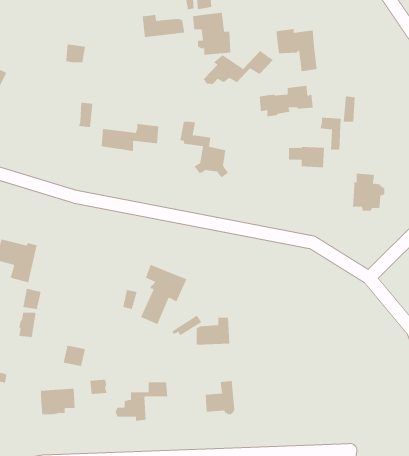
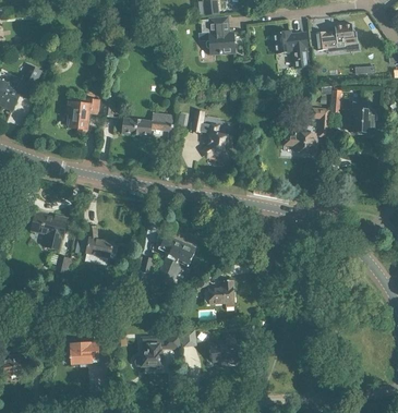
building: [142,14,185,38] -> none
building: [203,50,274,85] -> none
building: [259,85,313,117] -> [311,23,358,50]
building: none -> [67,98,98,133]
building: [352,173,385,211] -> [349,100,377,133]
building: none -> [84,224,119,265]

